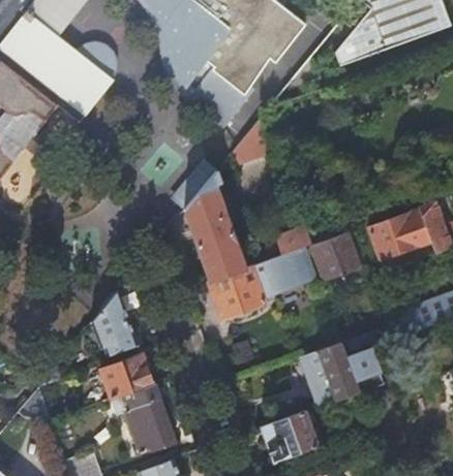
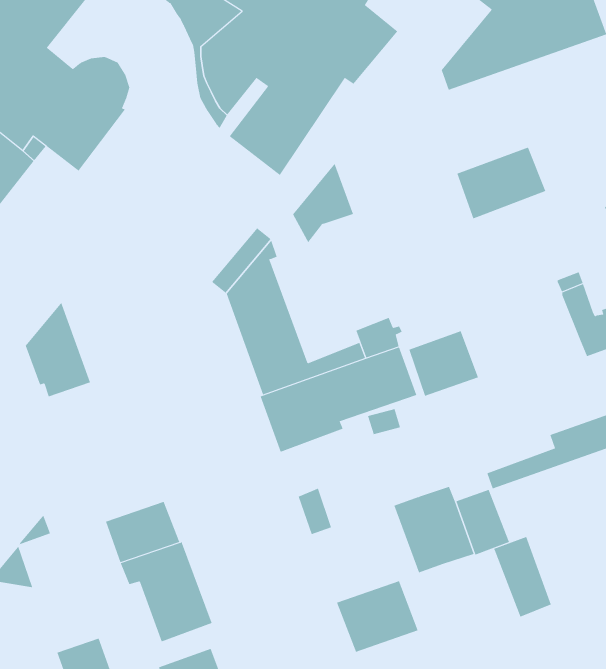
building: [369,210,432,260] -> [457,147,546,219]
building: [91,289,138,356] -> [25,301,91,397]
building: none -> [493,536,551,618]

